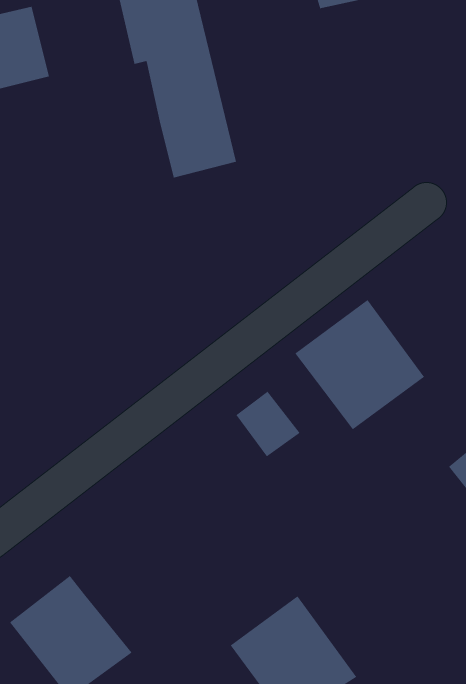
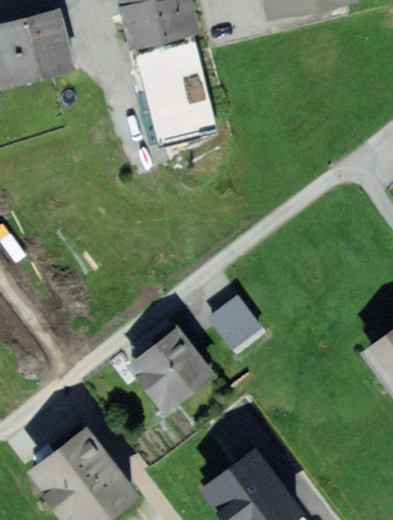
building: [295,299,425,430] -> none
building: none -> [130,333,206,407]

